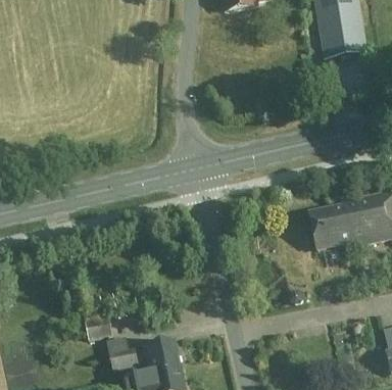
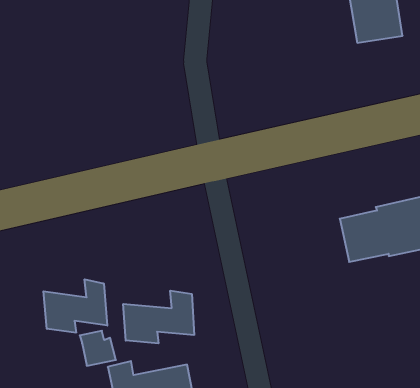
building: none -> [43,279,107,333]
building: none -> [123,291,194,343]

